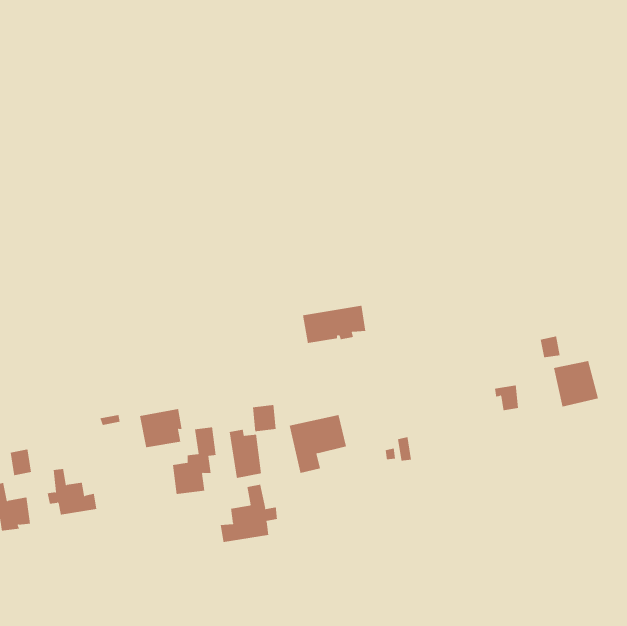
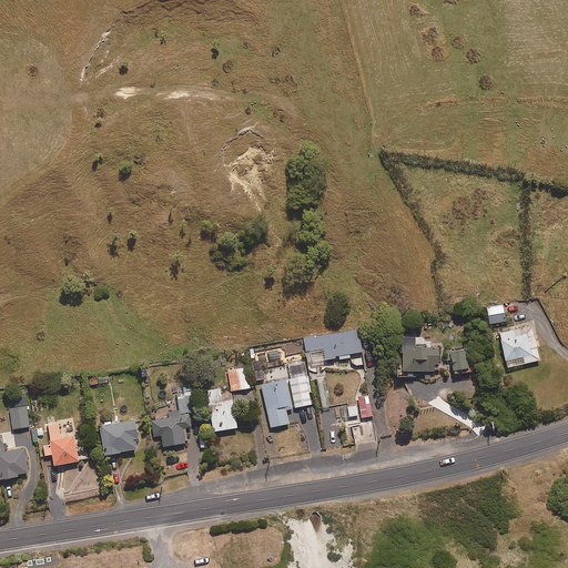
building: [302,305,366,343] -> [304,328,362,363]
building: none -> [398,336,439,376]
building: [139,409,182,448] -> [99,419,138,455]
building: [220,484,278,543] -> none

